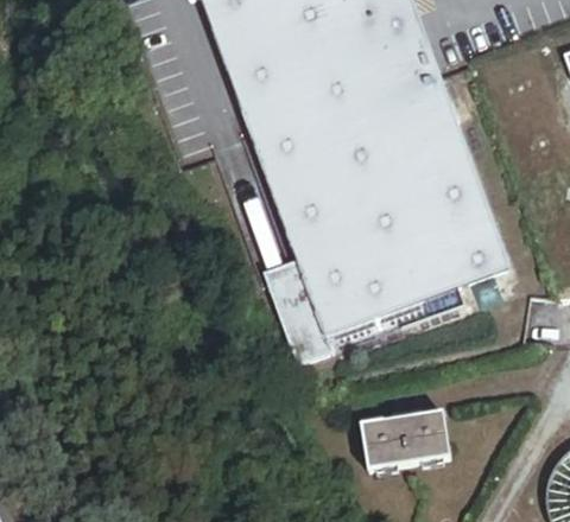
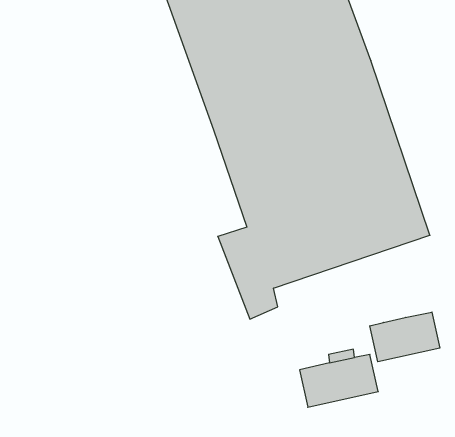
building: none -> [370,312,440,362]

